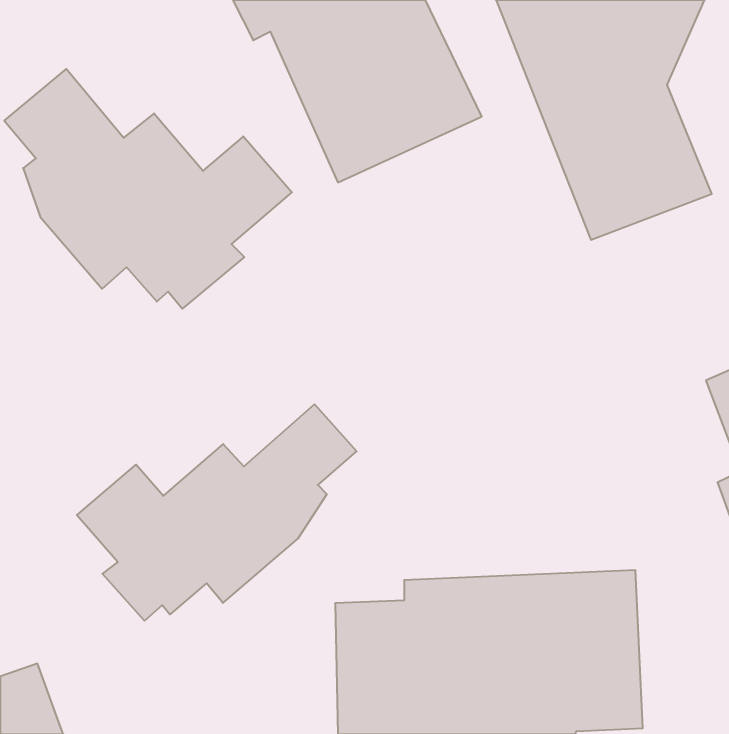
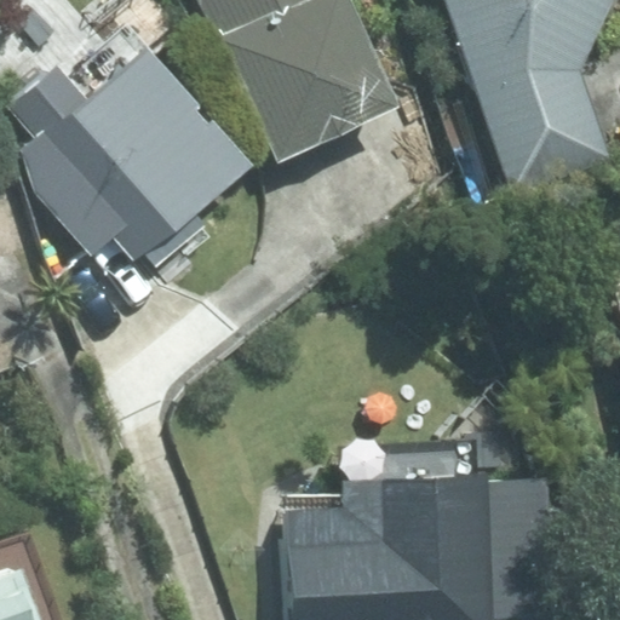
building: [77,404,357,621] -> none

